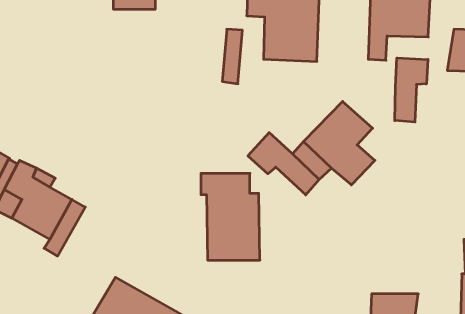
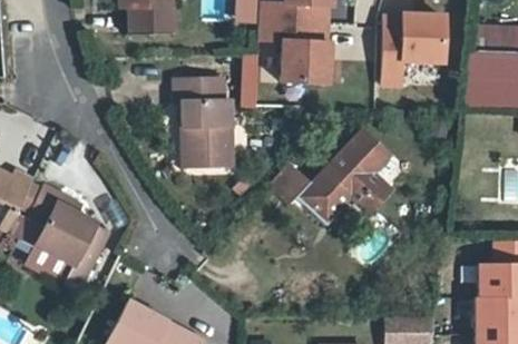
building: [395,58,428,122] -> none
building: [201,173,260,260] -> [174,79,233,166]

